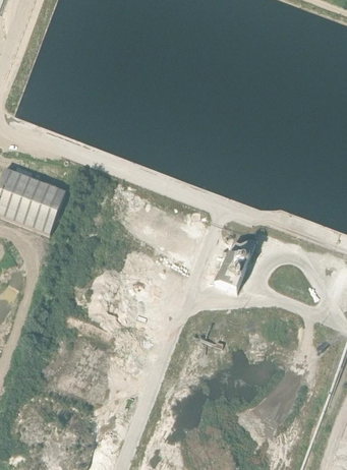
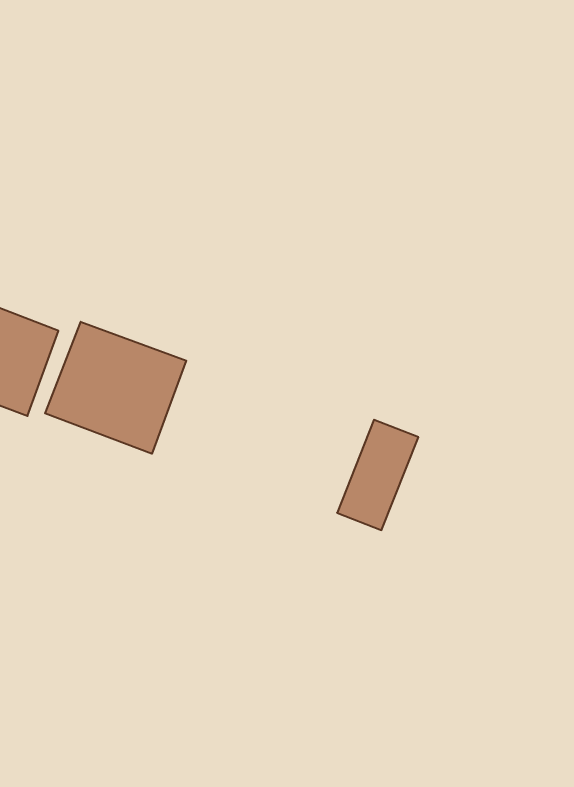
building: none -> [45,322,186,454]

